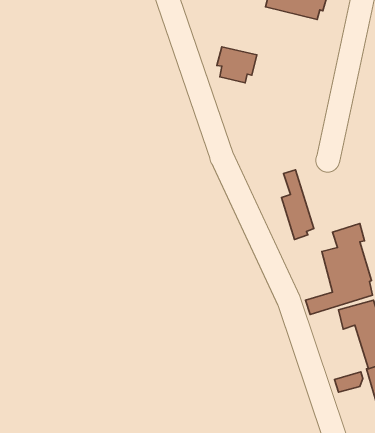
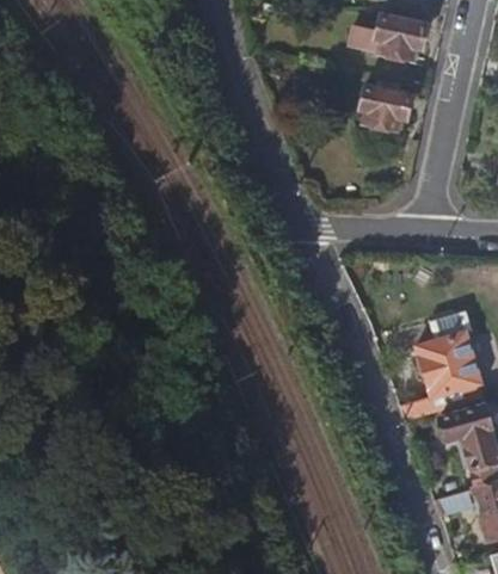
building: [217,47,257,83] -> [361,86,410,130]
building: [282,170,314,240] -> none

